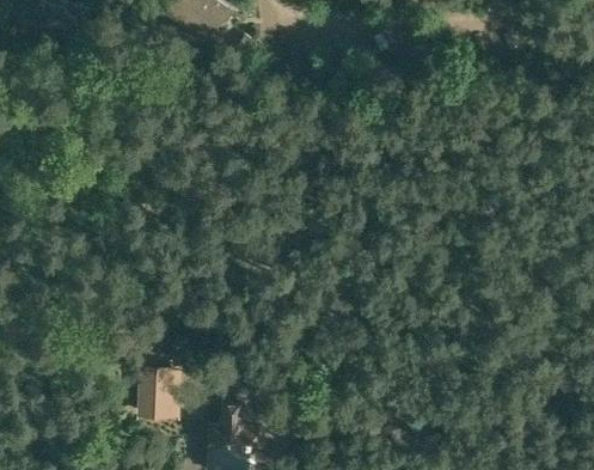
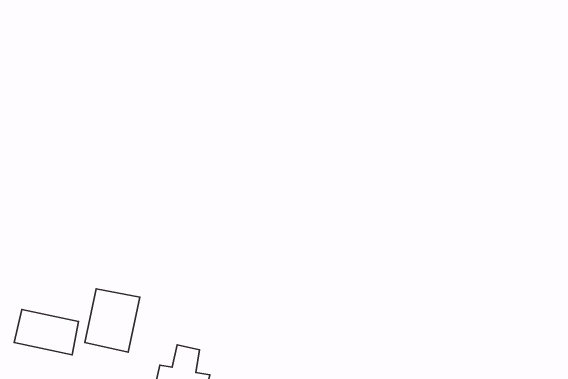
building: none -> [14,310,78,355]

